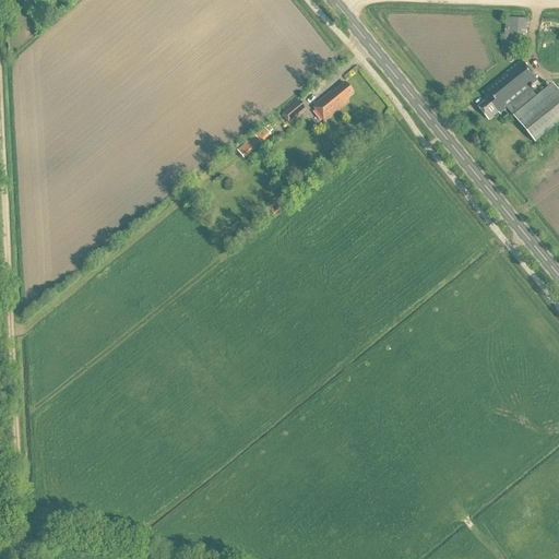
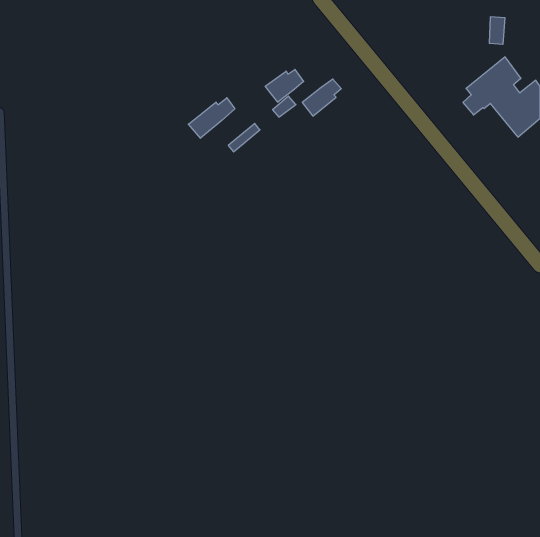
building: none -> [265,69,304,102]
building: none -> [188,98,235,138]

